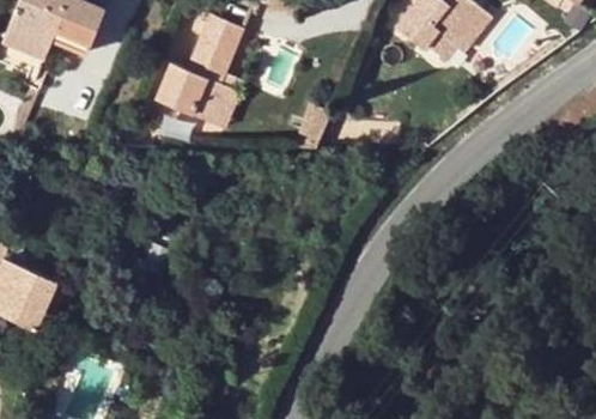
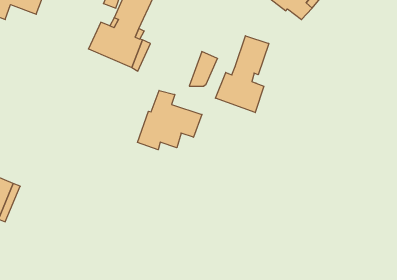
building: none -> [215,36,269,113]
building: none -> [137,90,202,150]

